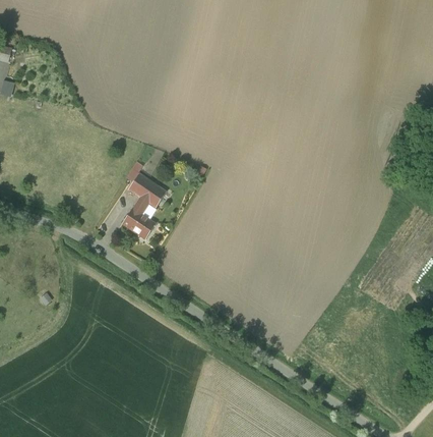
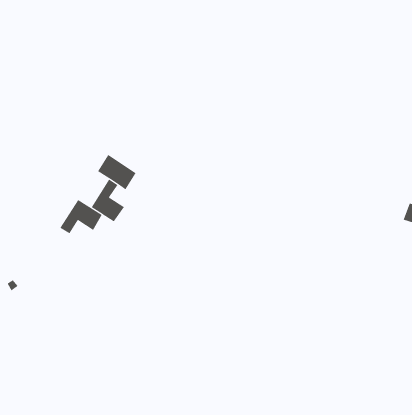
building: none -> [59,199,102,234]

